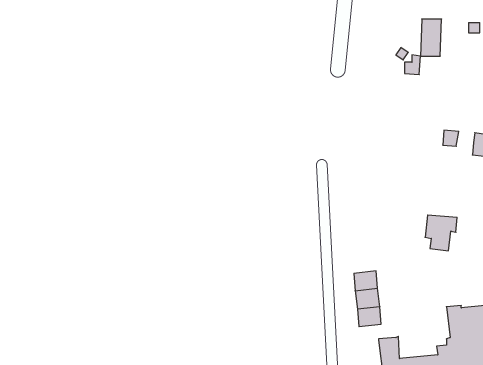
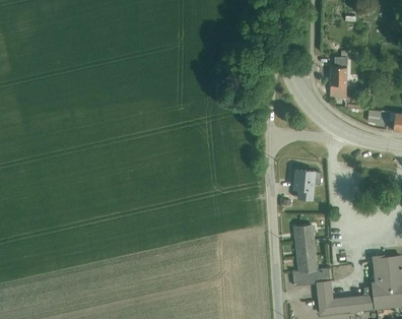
building: [421,19,442,56] -> [329,68,346,99]
building: [425,215,457,251] -> [293,171,320,200]
building: none -> [291,268,329,286]

